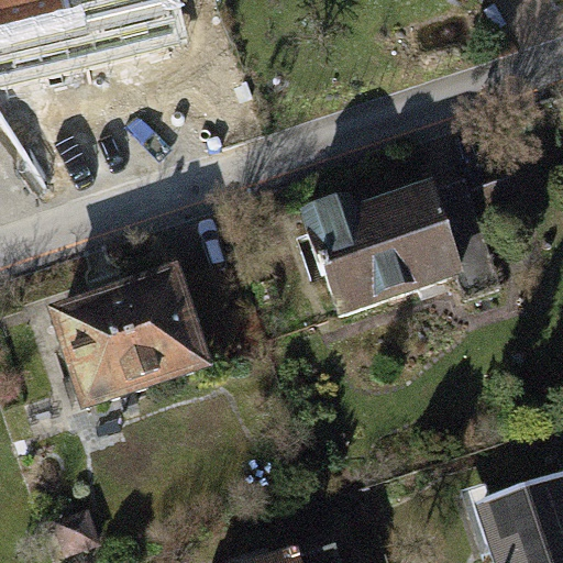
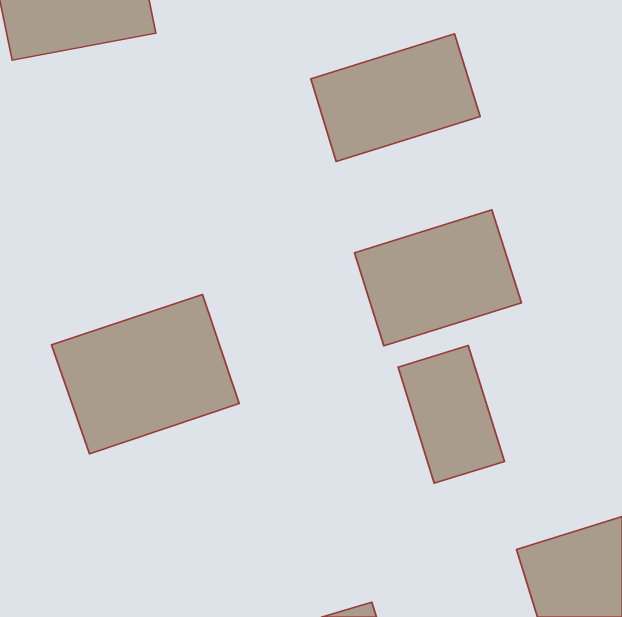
building: none -> [311,34,480,162]
building: none -> [398,346,505,483]

